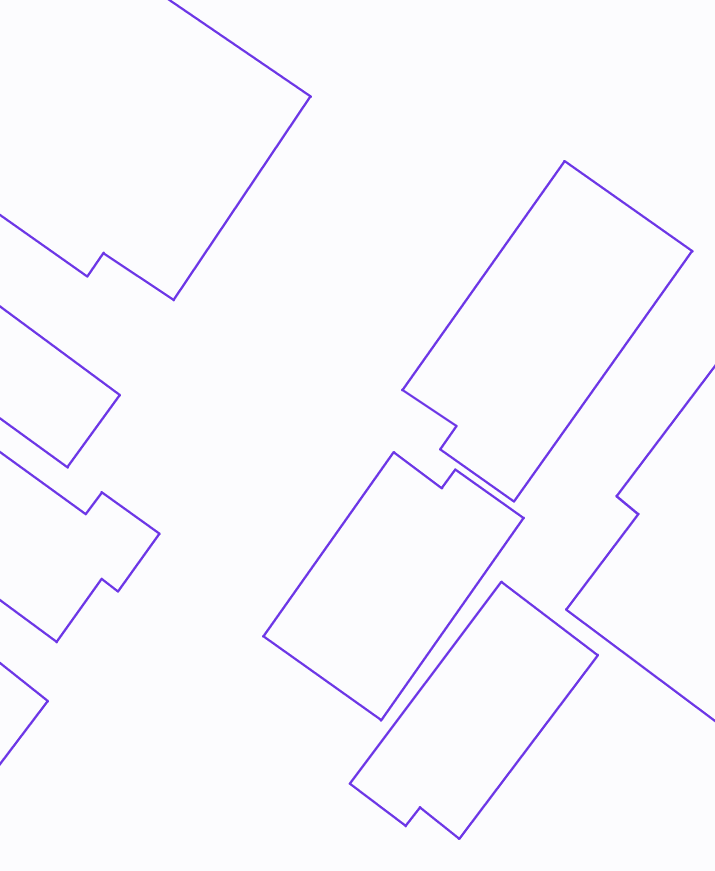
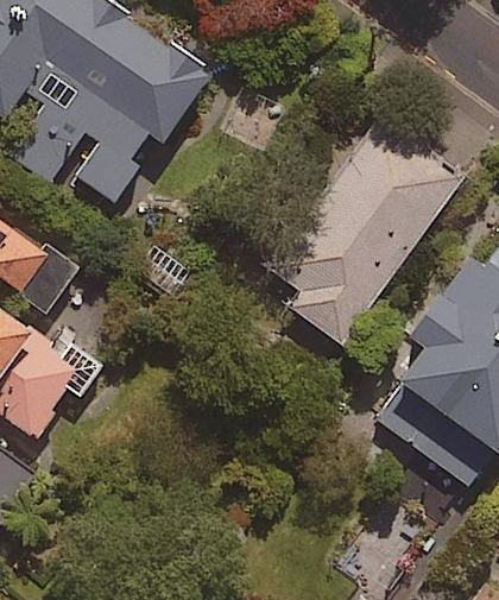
building: [263,452,524,720] -> none
building: [350,582,598,839] -> none

